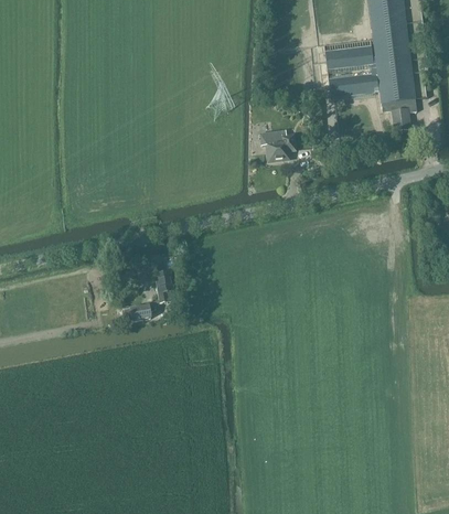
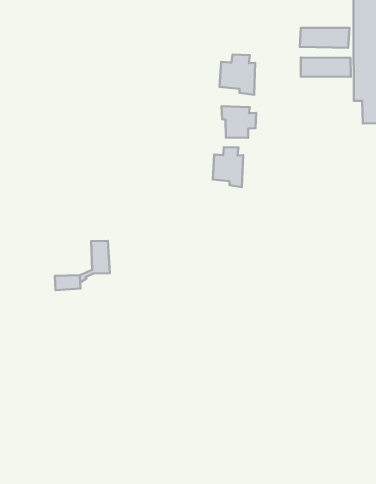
building: none -> [220,55,255,95]
building: none -> [213,147,243,187]

